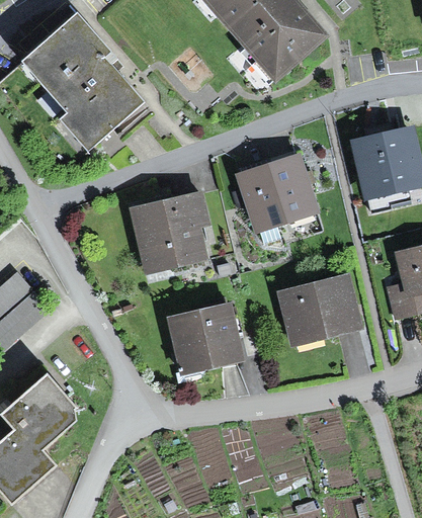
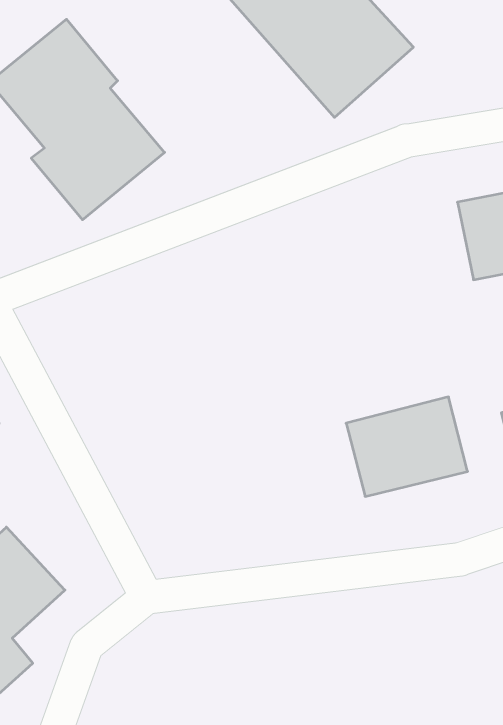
building: [236,159,313,235] -> none
building: [124,190,219,272] -> none
building: [168,304,245,374] -> none

